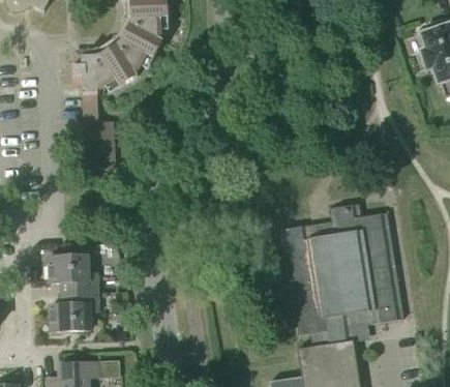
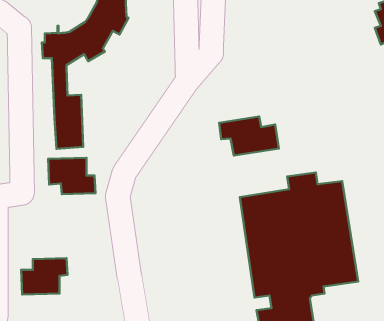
building: none -> [219,117,279,156]
building: [48,255,97,293] -> [48,158,95,194]

